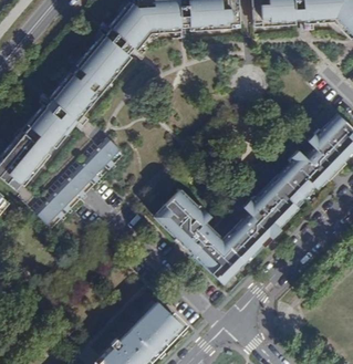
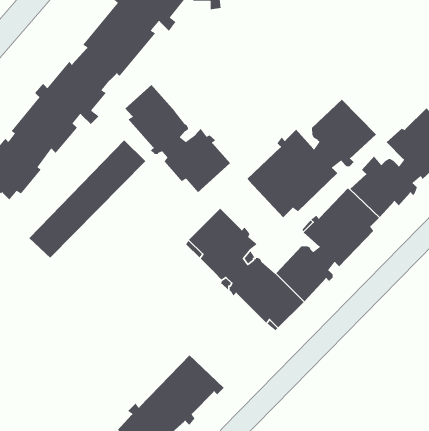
building: none -> [125,84,231,193]
building: none -> [246,99,377,218]

